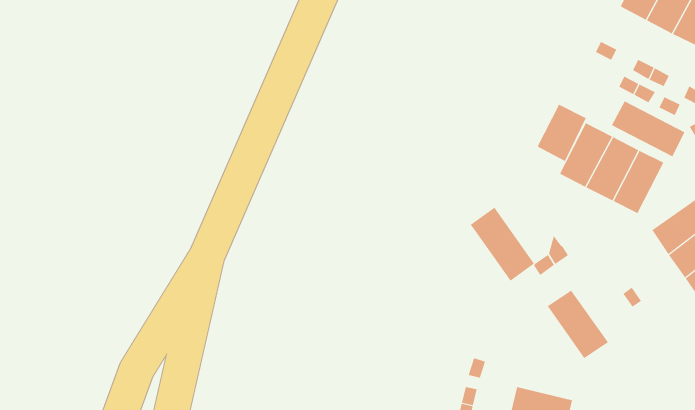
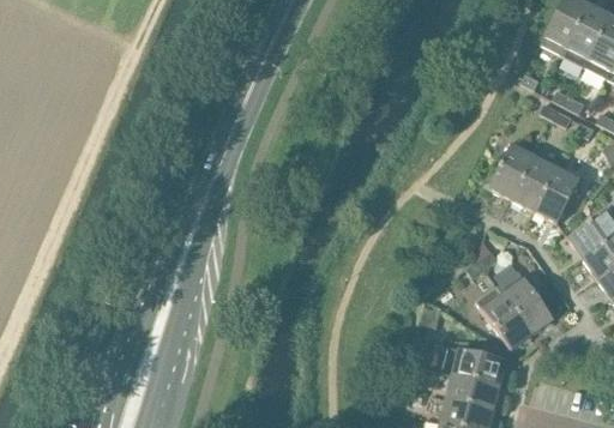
building: [611,101,686,157] -> none
building: [537,104,586,162] -> none
building: [470,207,535,281] -> [496,269,553,333]
building: none -> [443,345,506,384]

